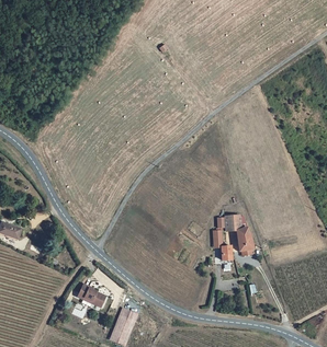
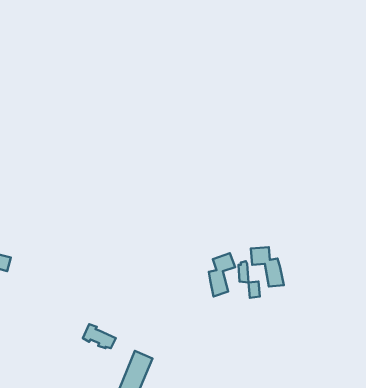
building: none -> [209,253,235,296]

